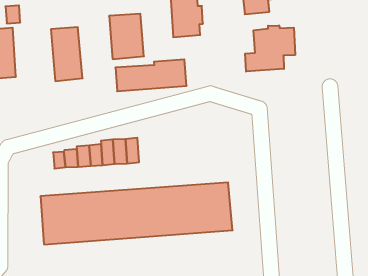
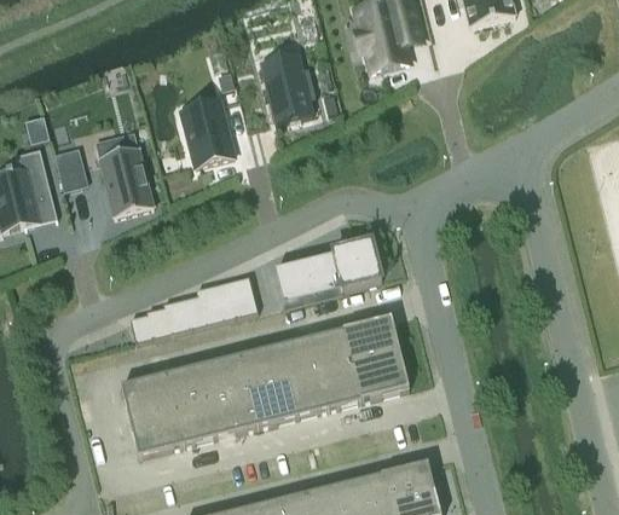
building: [245,25,295,72] -> none
building: none -> [54,146,87,189]
building: [115,59,187,91] -> [276,241,383,303]

